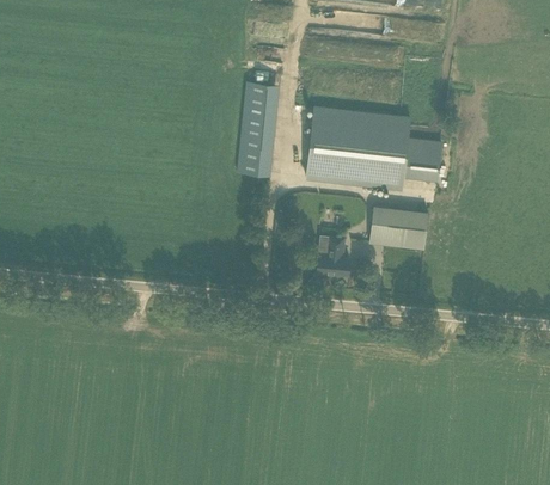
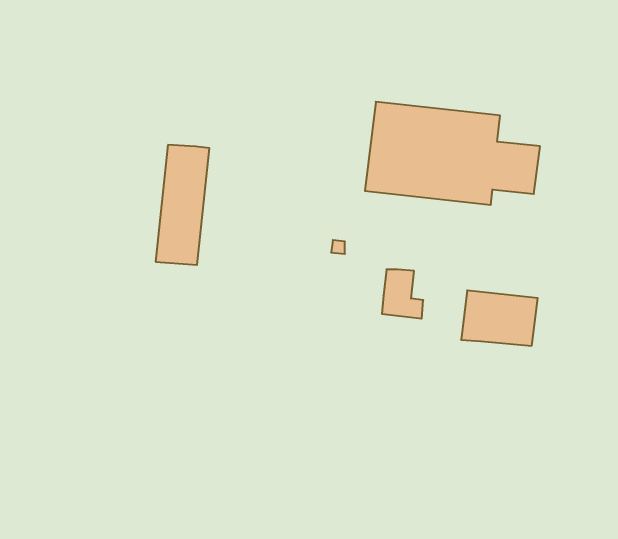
building: [238,82,280,176] -> [156,145,209,265]
building: [369,207,429,250] -> [461,290,538,346]

